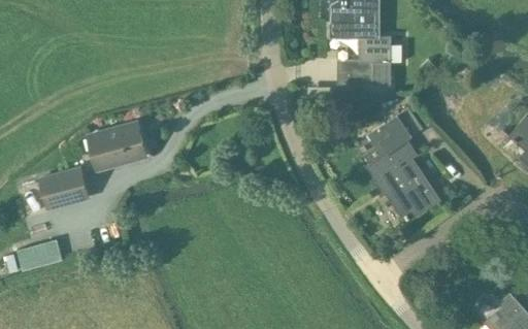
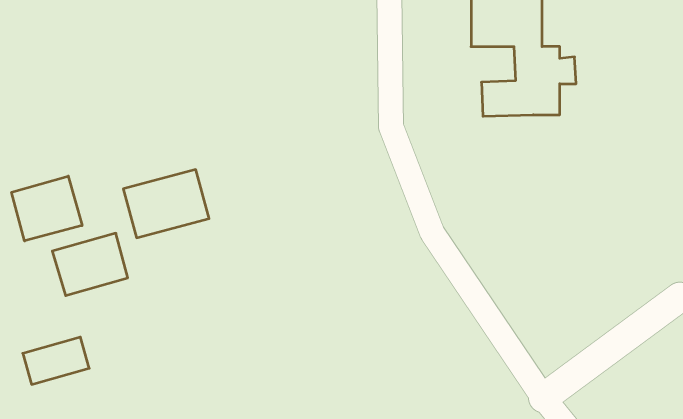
building: [363,106,439,221] -> none
building: none -> [12,176,82,241]

